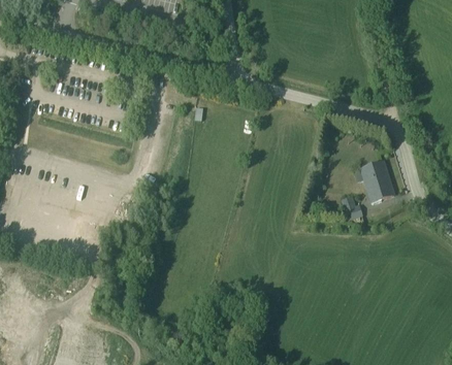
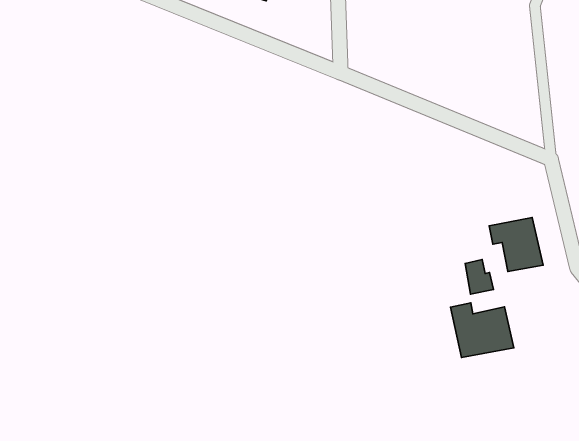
building: none -> [451,303,514,358]

